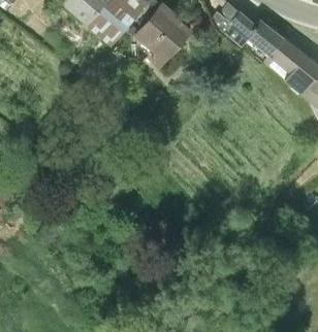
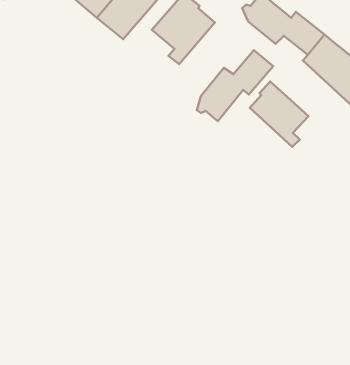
building: none -> [197,50,273,121]
building: none -> [250,82,308,147]

